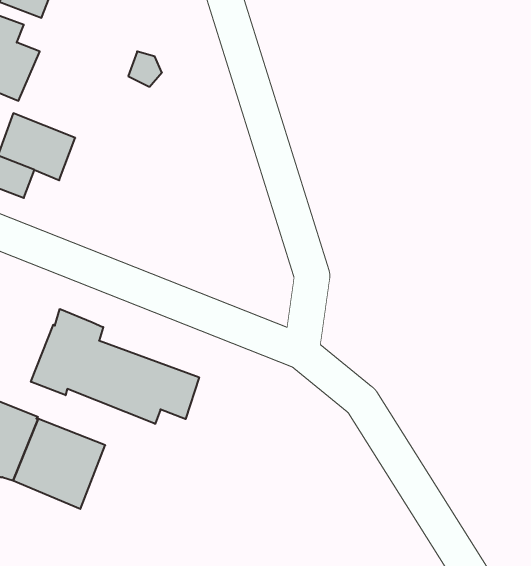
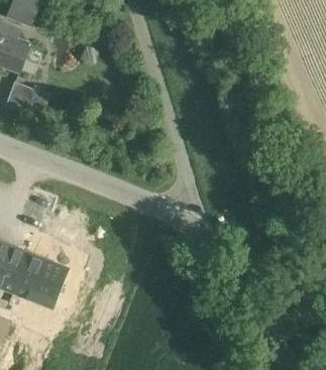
building: [31,309,199,424] -> none

